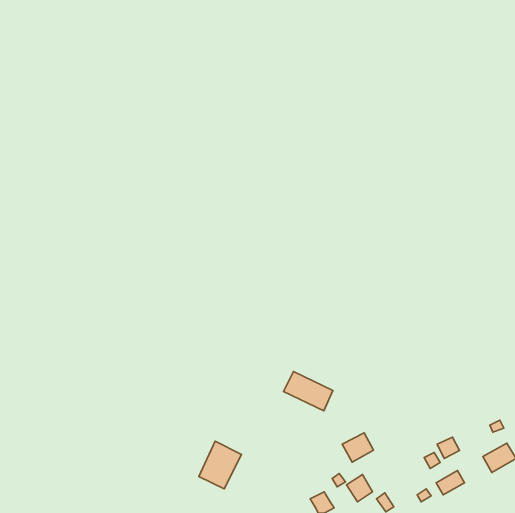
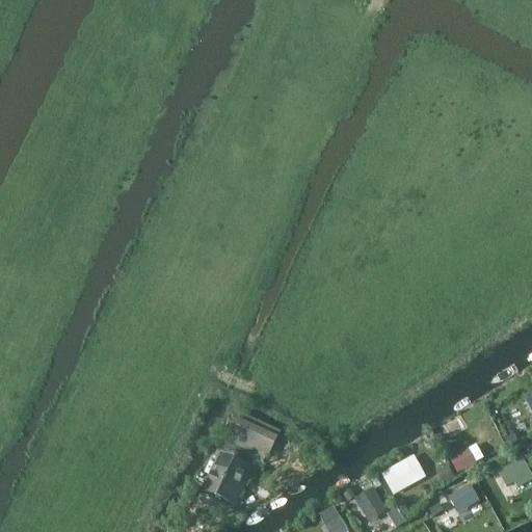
building: [283,371,333,411] -> [231,416,282,456]
building: [342,433,373,462] -> [384,461,417,491]

